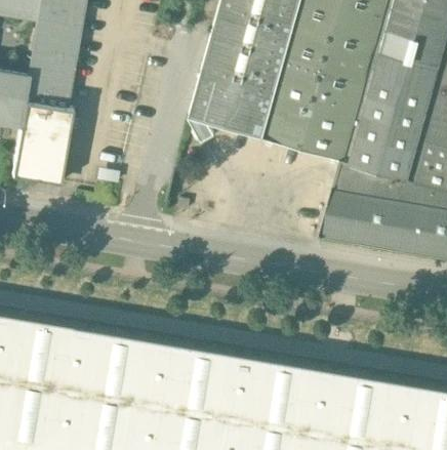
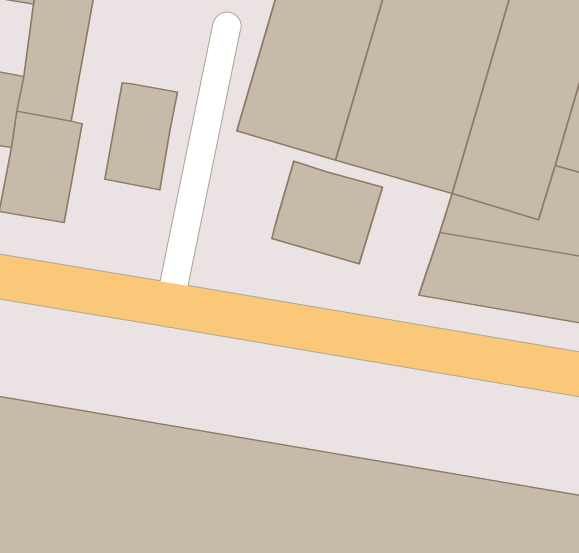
building: none -> [105,83,178,190]
building: none -> [272,161,382,264]

